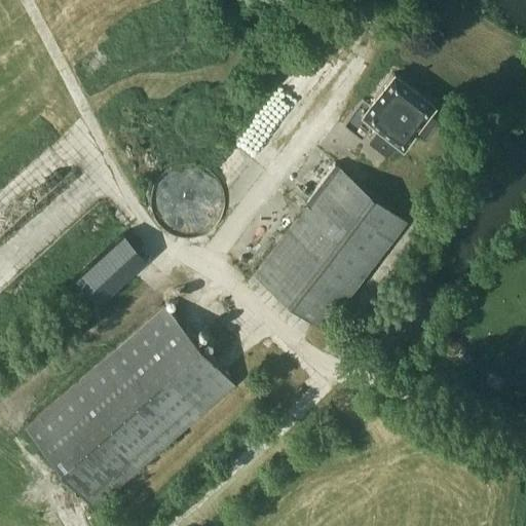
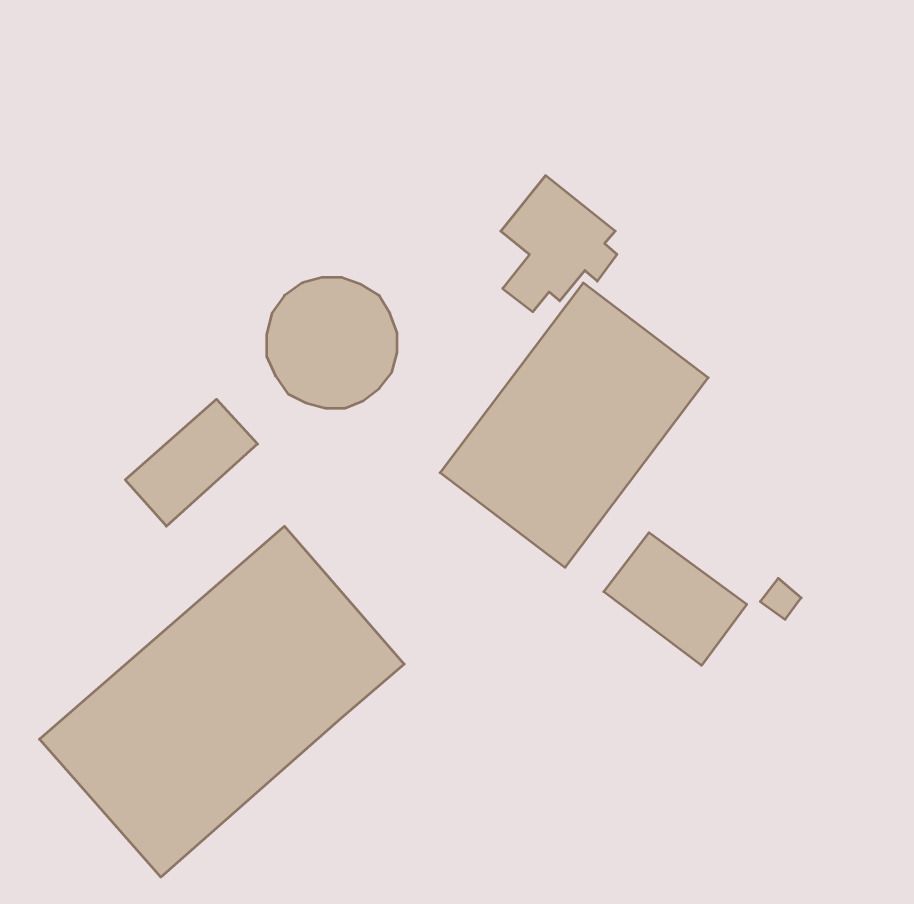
building: [369,81,436,159] -> [501,176,617,312]
building: none -> [604,533,747,665]

